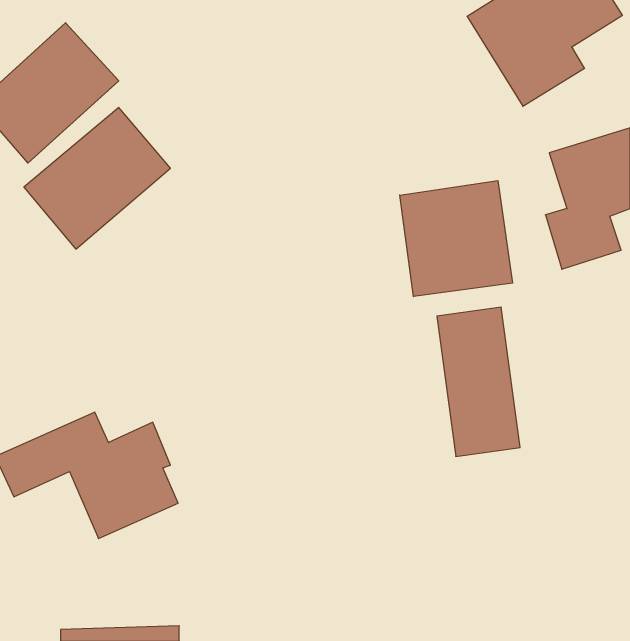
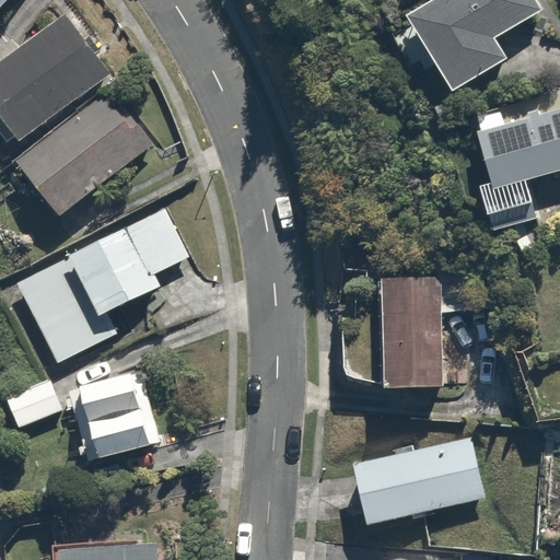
building: [400,181,512,297] -> none
building: none -> [11,209,184,365]
building: none -> [353,435,481,526]

